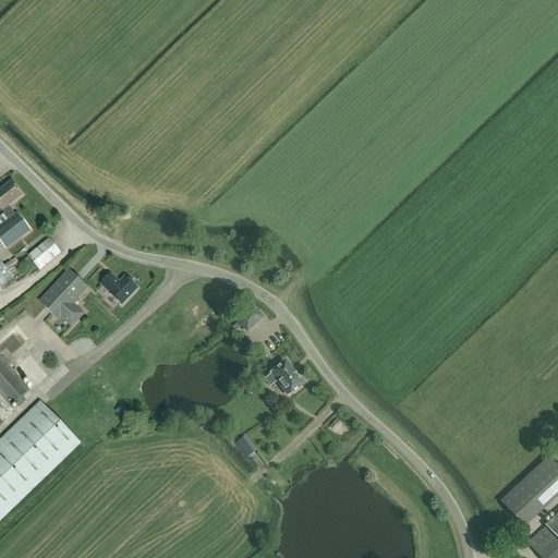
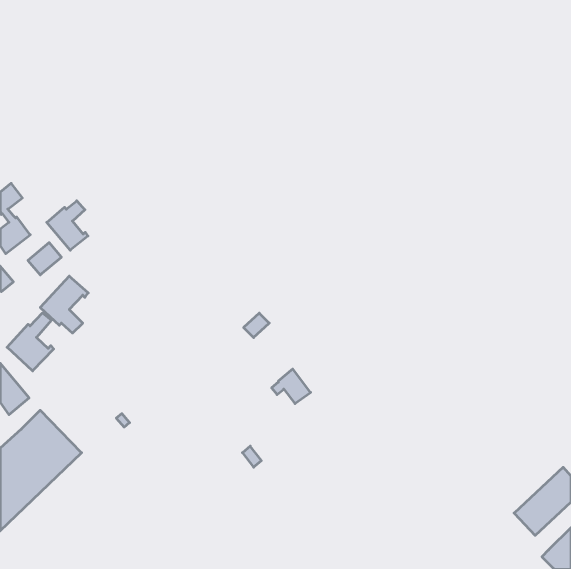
building: none -> [47,201,88,250]
building: [100,272,136,303] -> none
building: none -> [7,313,54,371]

